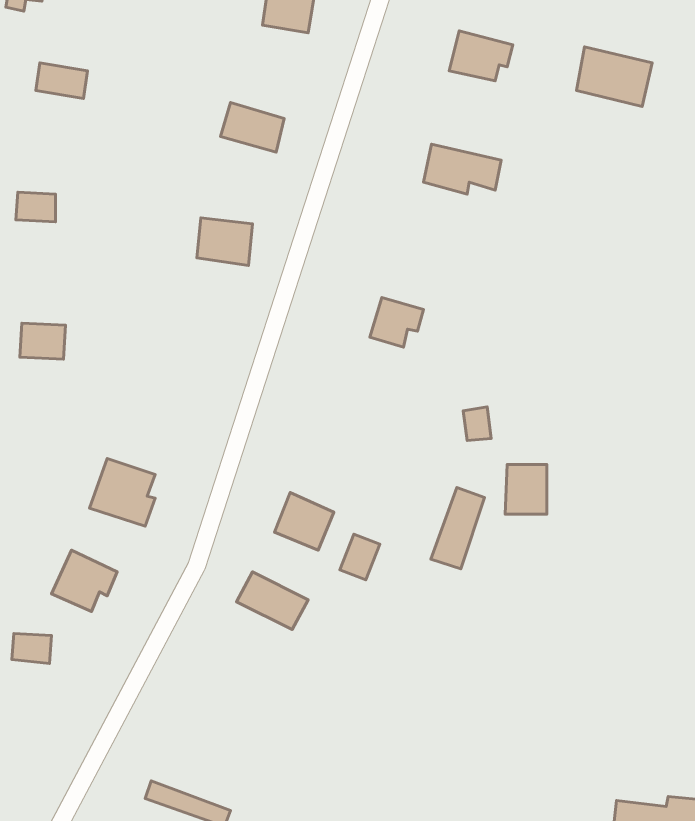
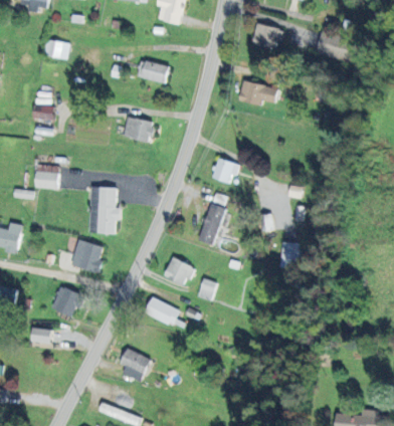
building: none -> [89,186,121,233]
building: [431,487,485,569] -> [198,203,225,244]
building: none -> [120,348,150,382]

